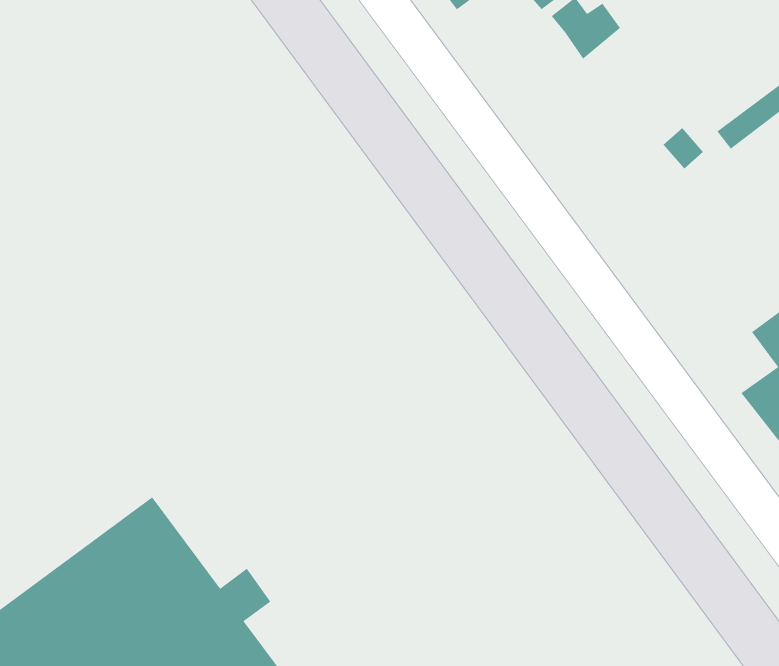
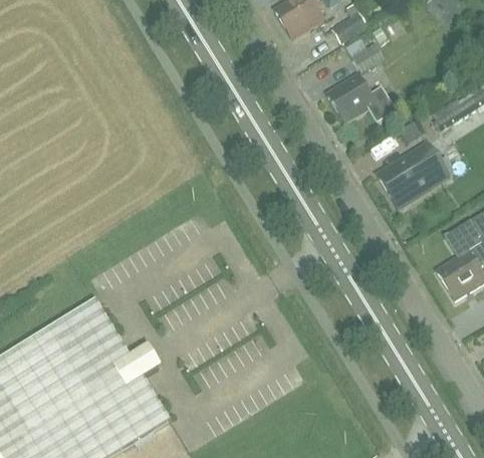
building: none -> [325,73,395,122]
building: none -> [379,144,451,207]

